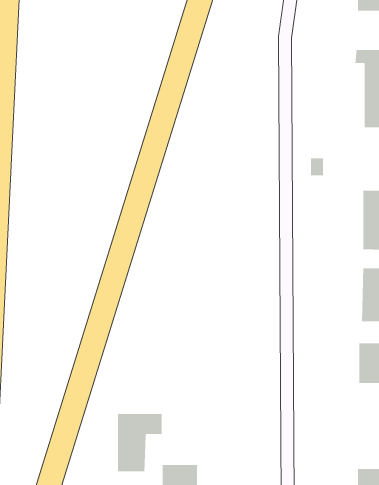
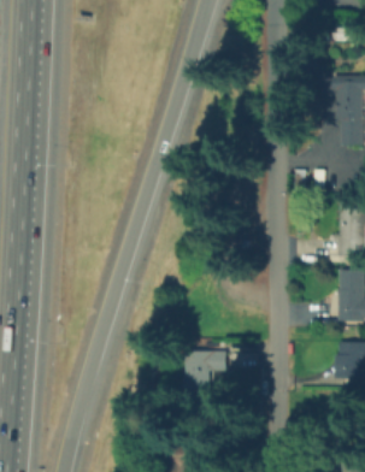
building: [117,413,163,472] -> [184,352,225,405]

